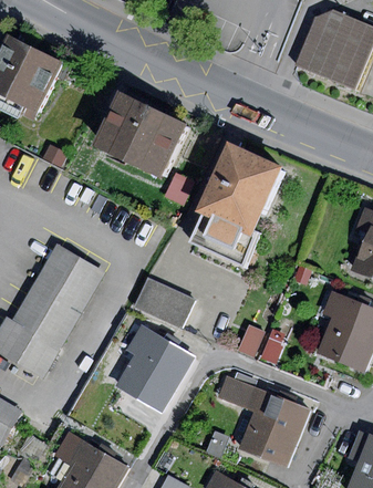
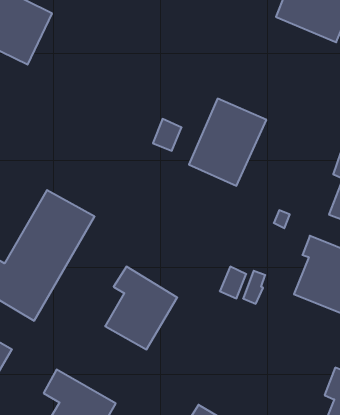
building: [99,94,191,179] -> none
building: [193,218,255,268] -> none
building: [134,278,195,328] -> none
building: [216,375,310,467] -> none

